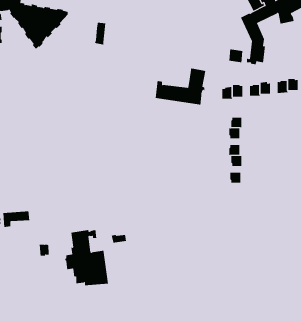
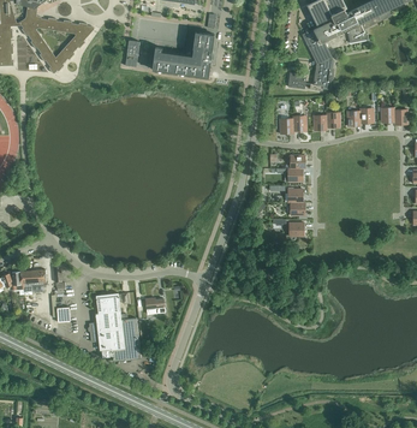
building: [155,68,206,105] -> [151,31,214,77]

